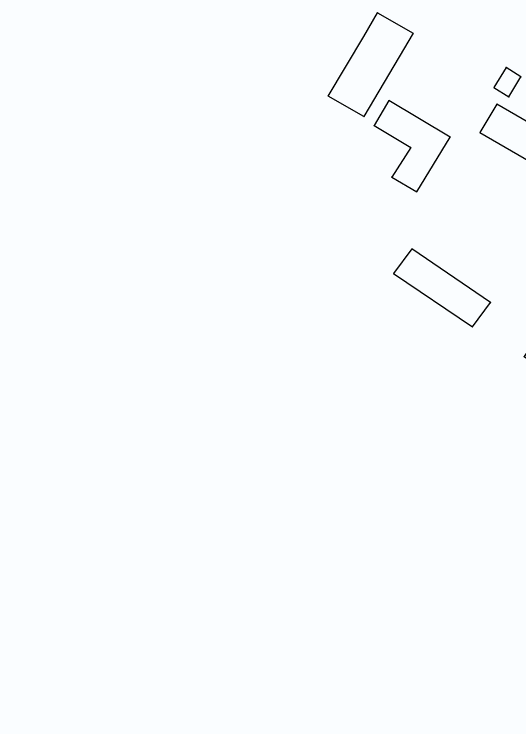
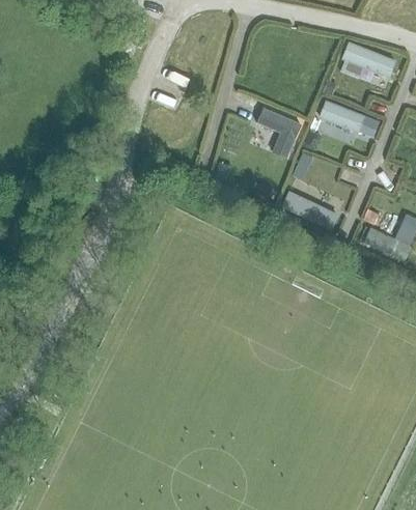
building: [328,13,413,117] -> none

